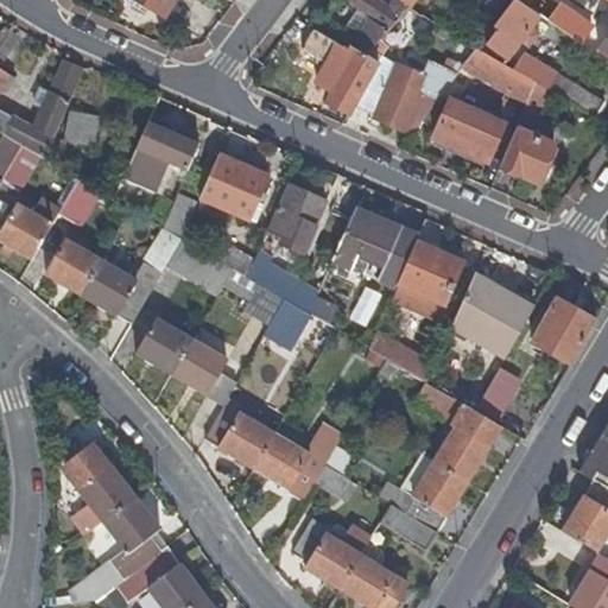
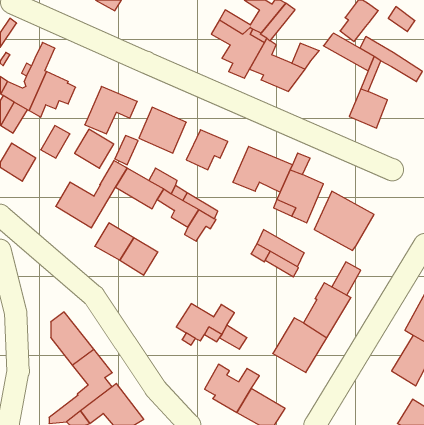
building: [435,100,506,162] -> none
building: [45,239,101,294] -> [75,129,114,168]
building: [533,297,597,363] -> none
building: [203,403,274,467] -> none
building: [379,505,438,552] -> none

